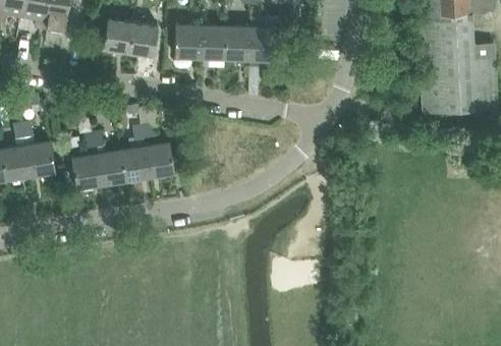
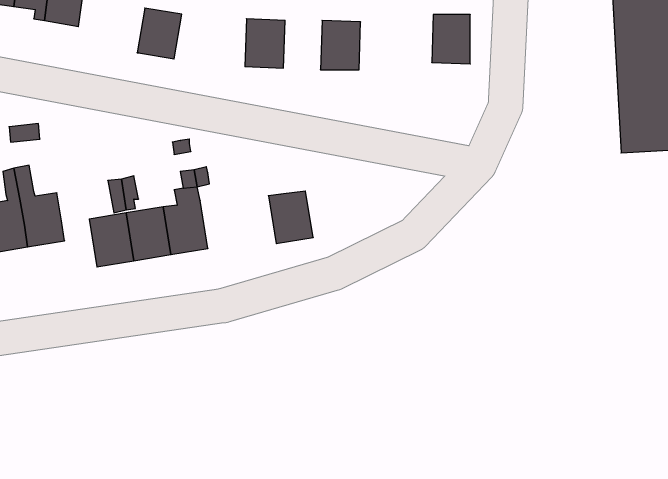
building: [103,22,158,58] -> none
building: [200,26,225,59] -> none
building: [249,27,275,60] -> [432,15,470,64]
building: [145,142,174,177] -> [268,191,313,244]

